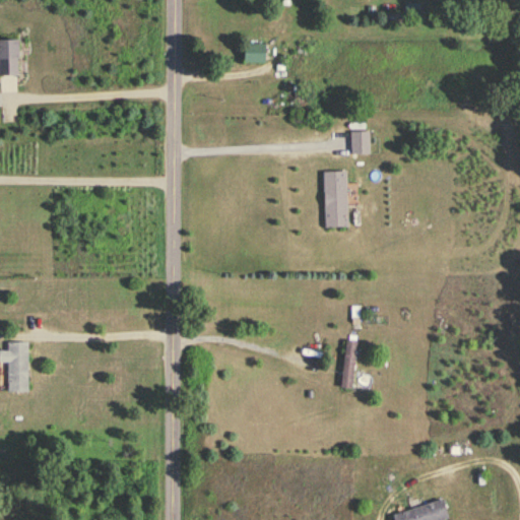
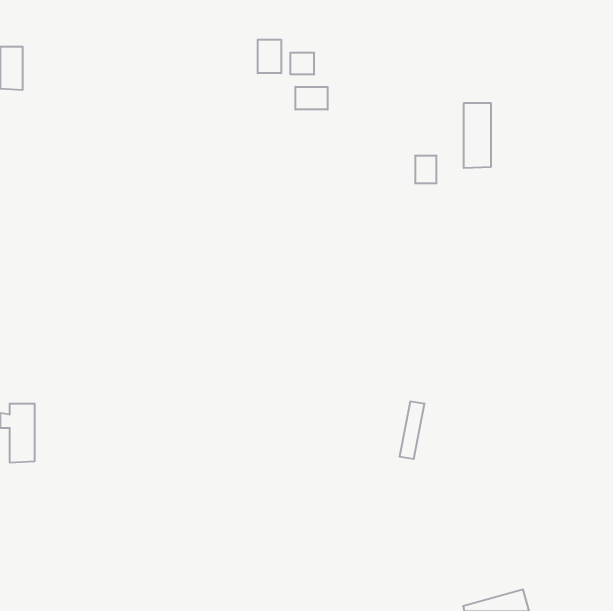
building: none -> [258,40,281,73]
building: none -> [295,87,328,110]
building: [324,173,347,228] -> [464,103,491,168]

